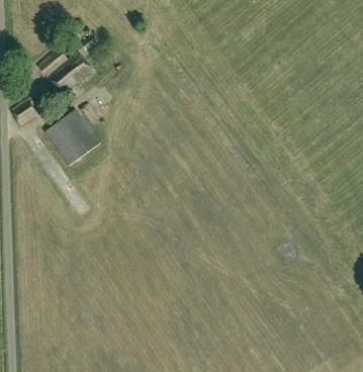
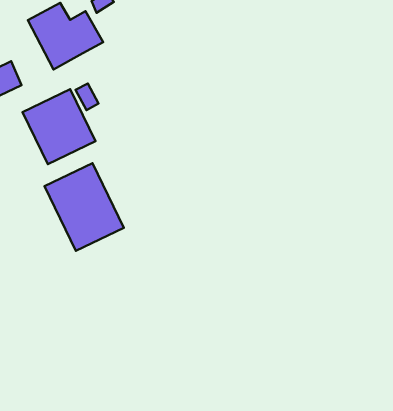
building: none -> [45,163,124,251]

